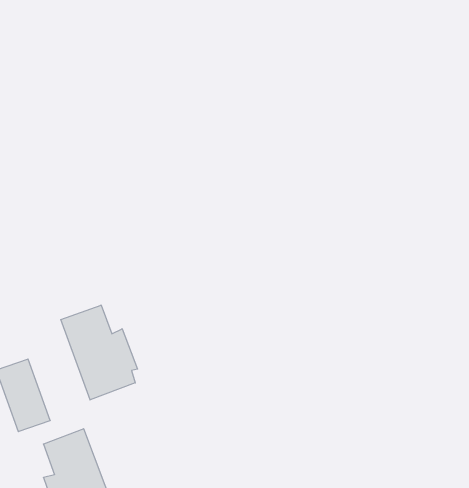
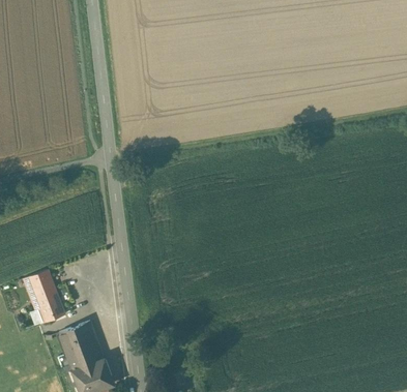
building: [61,305,138,400] -> none

